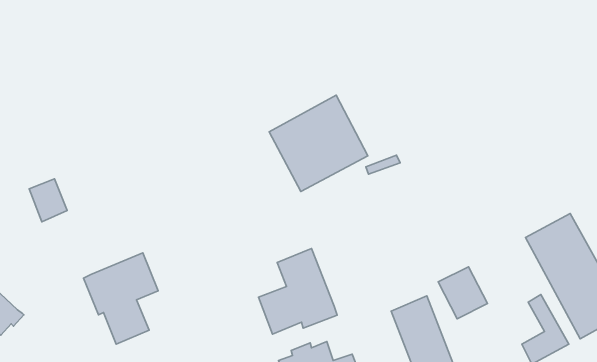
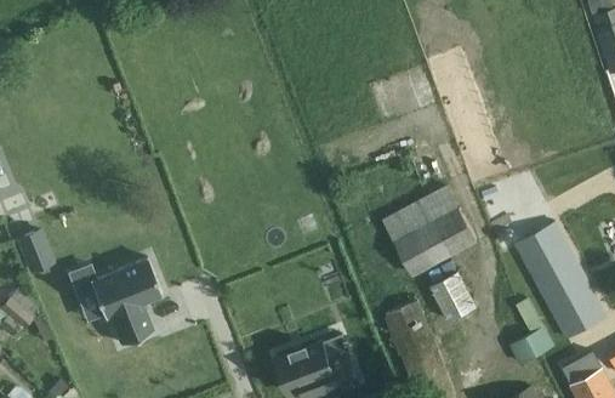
building: [269,95,368,191] -> [382,183,477,275]
building: [29,179,67,222] -> [17,231,53,272]
building: [259,248,337,334] -> none

